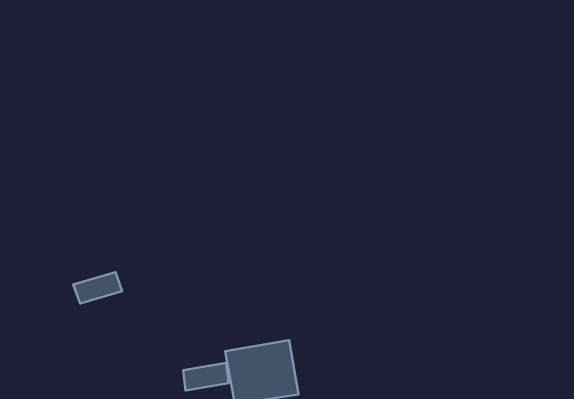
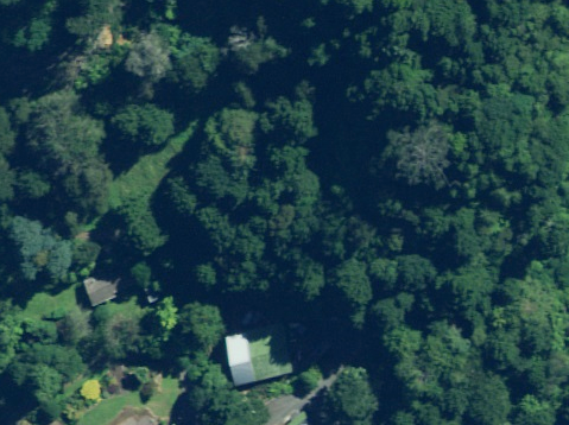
building: [183,363,228,391] -> none

